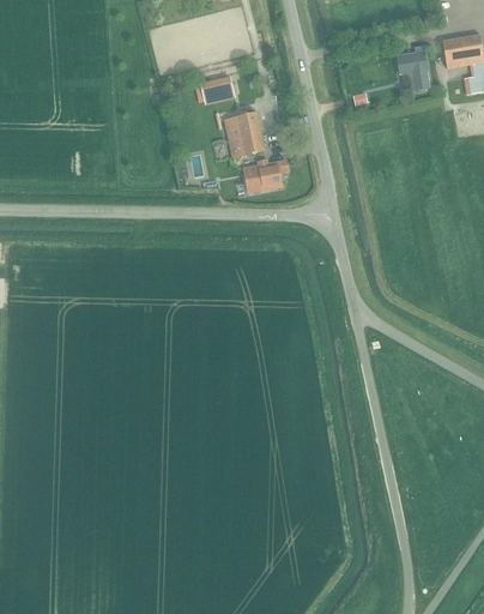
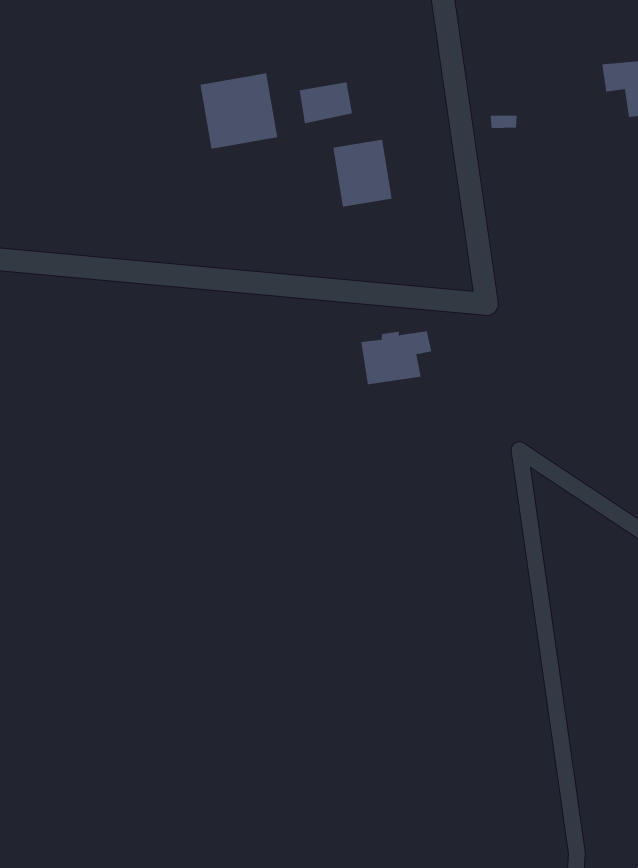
building: none -> [200,73,278,150]
building: [243,158,290,195] -> [360,331,432,385]

